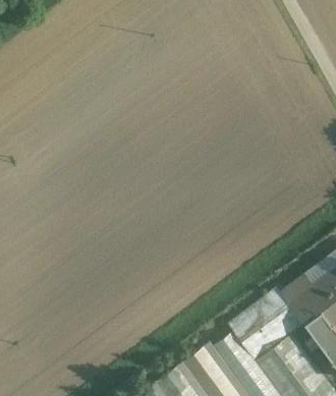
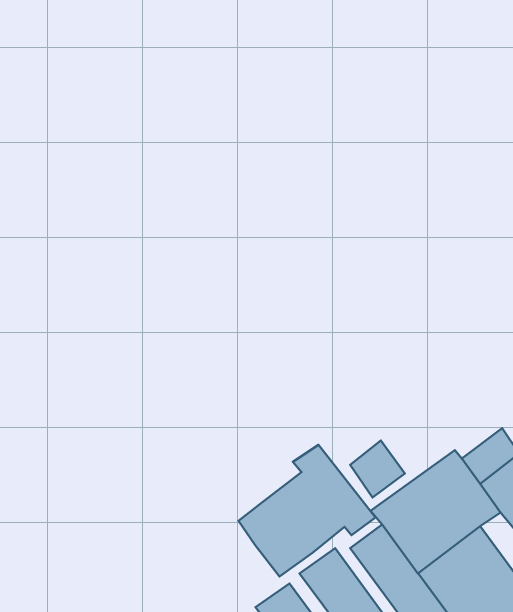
building: none -> [350,441,405,498]
building: none -> [239,445,376,576]

